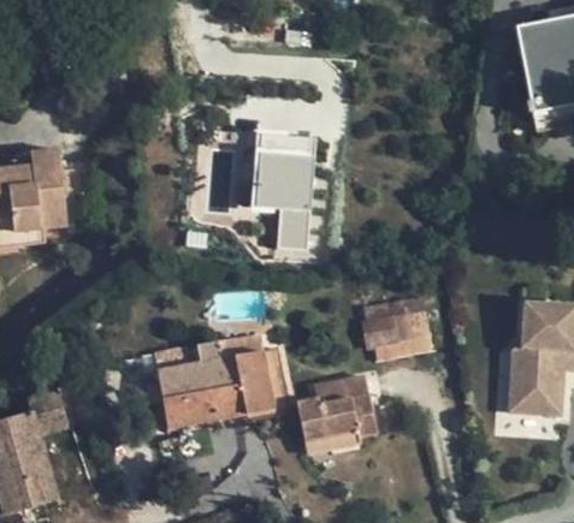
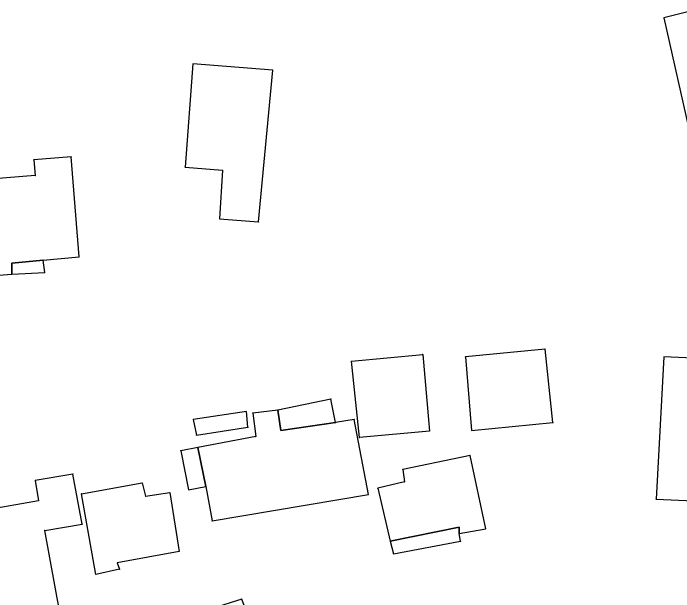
building: [249,126,316,248] -> [185,64,273,222]
building: none -> [351,354,429,438]
building: none -> [82,483,179,574]

